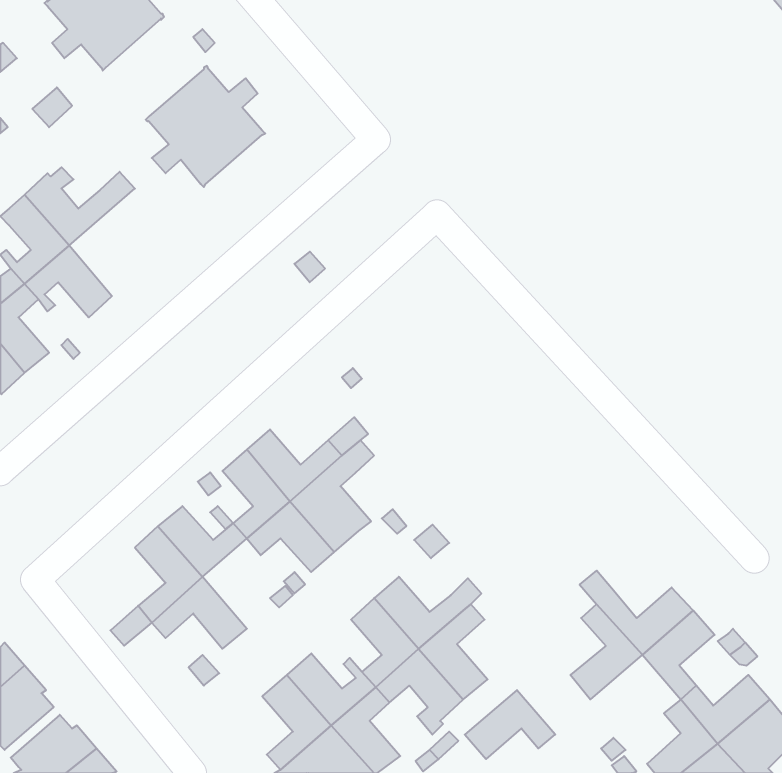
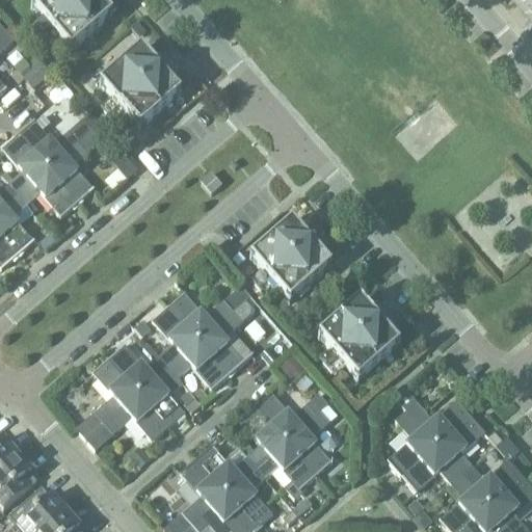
building: none -> [48,128,102,201]
building: none -> [249,217,331,300]
building: none -> [318,296,400,378]
building: none -> [138,365,185,426]
building: [465,690,555,759] -> [401,444,462,490]

